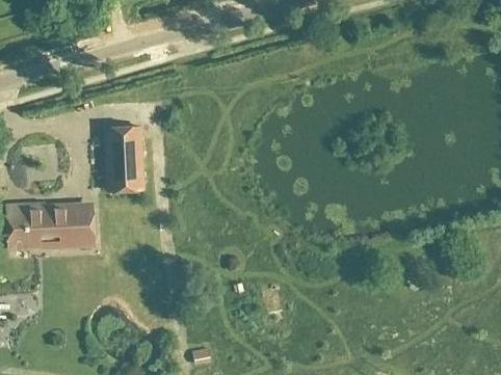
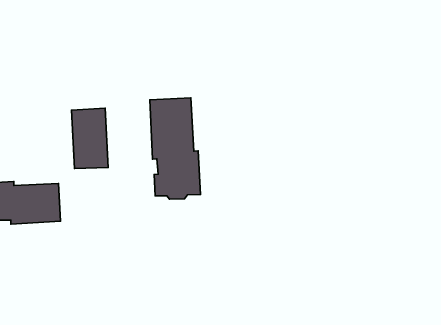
building: none -> [150,98,200,199]

